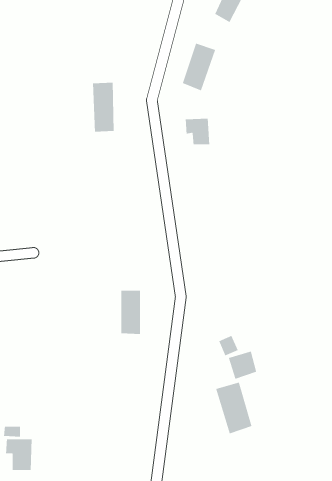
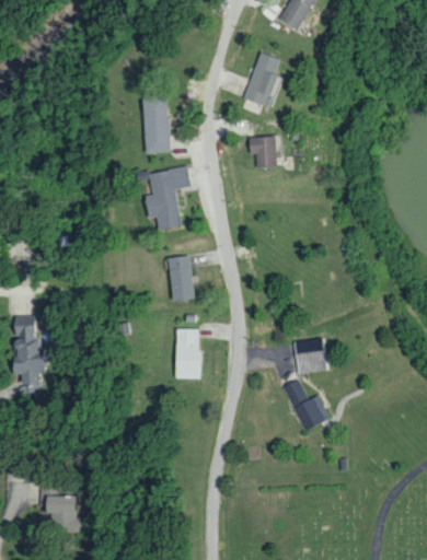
building: none -> [146,167,191,230]
building: none -> [169,256,195,301]
building: none -> [296,338,326,373]
building: [215,381,252,435] -> none

